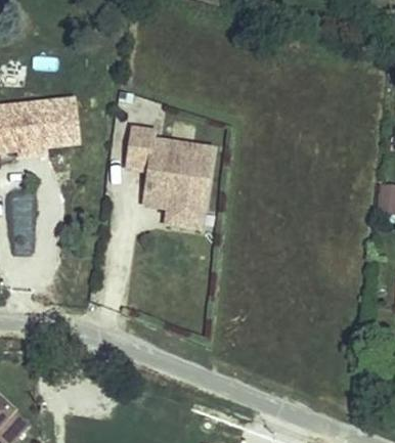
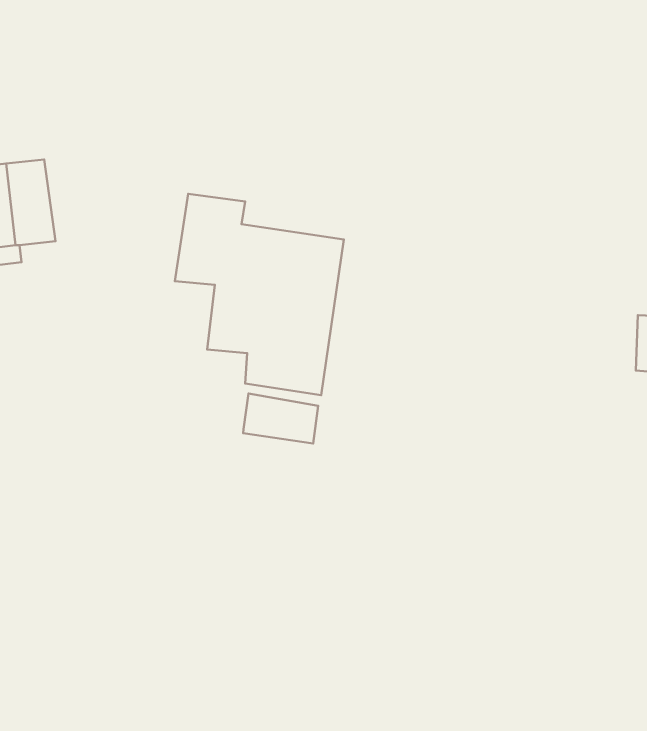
building: none -> [243,394,318,444]

